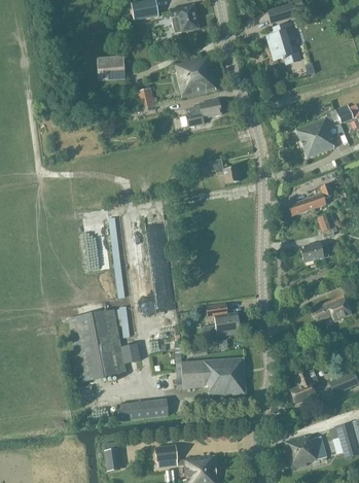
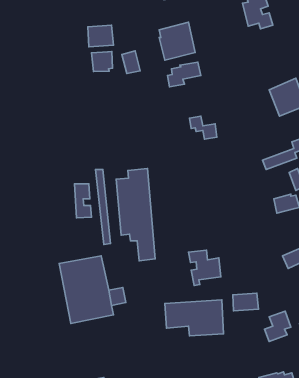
building: none -> [91,51,113,72]
building: none -> [233,293,259,311]
building: [117,399,170,420] -> none

